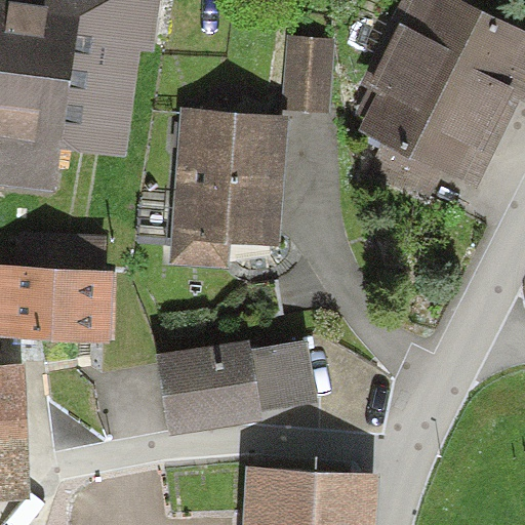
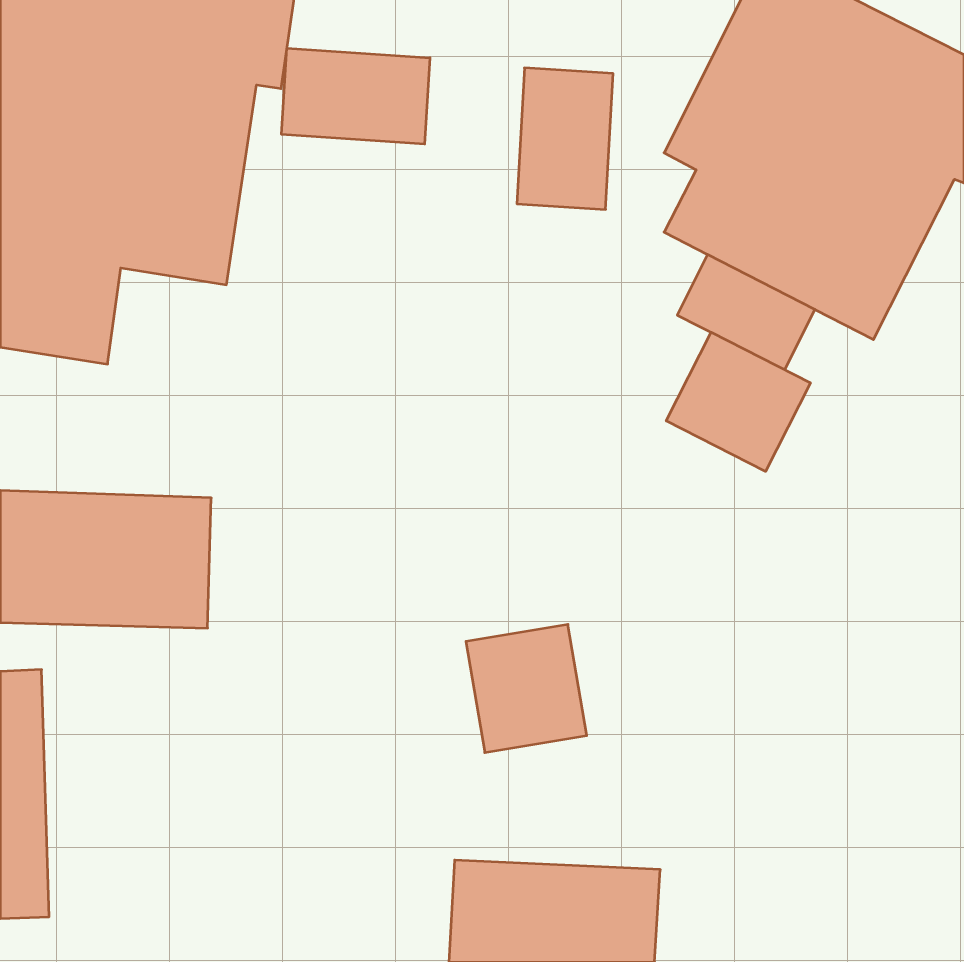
building: none -> [282,48,430,144]
building: [170,108,288,269] -> none
building: none -> [666,332,810,471]
building: [158,339,265,433] -> none

